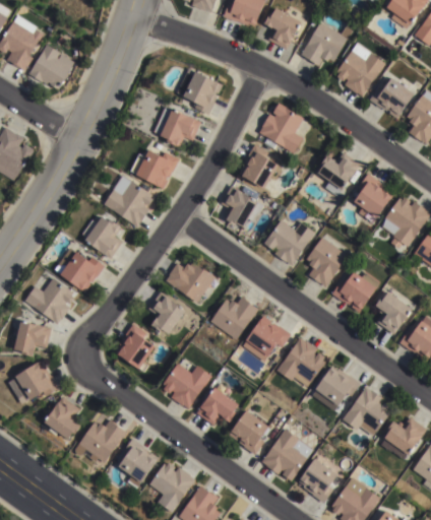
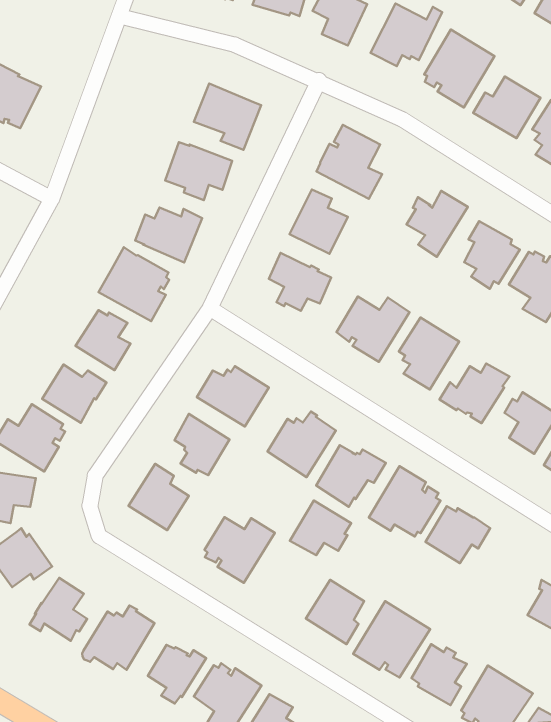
building: [342,387,390,436] -> none
building: [196,388,239,426] -> [290,500,351,555]

